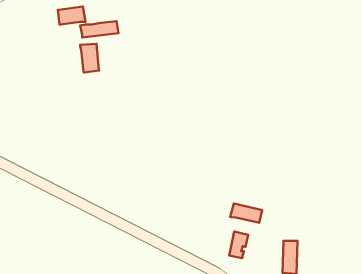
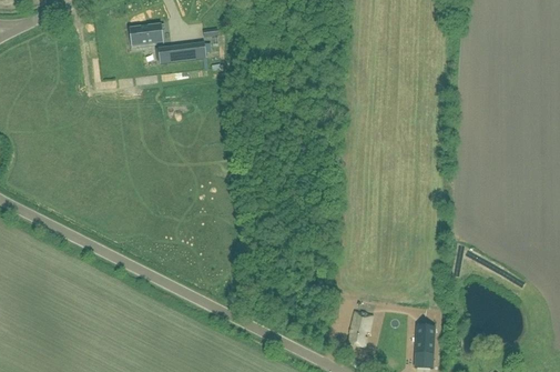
building: [80,44,99,72] -> none
building: [230,204,262,223] -> none

